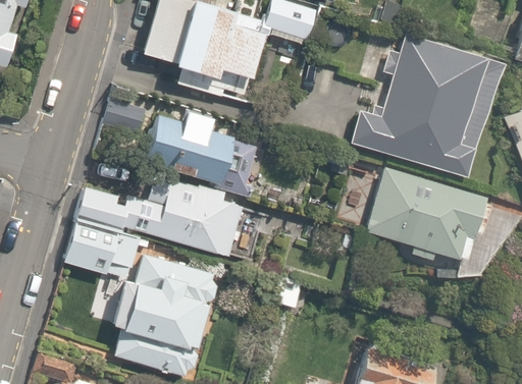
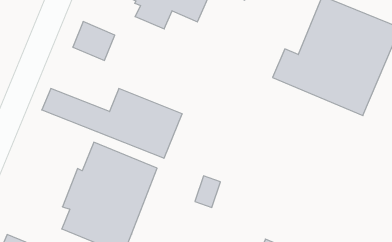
building: [145,111,261,195] -> none
building: [365,168,495,264] -> none
building: [59,213,144,282] -> none

